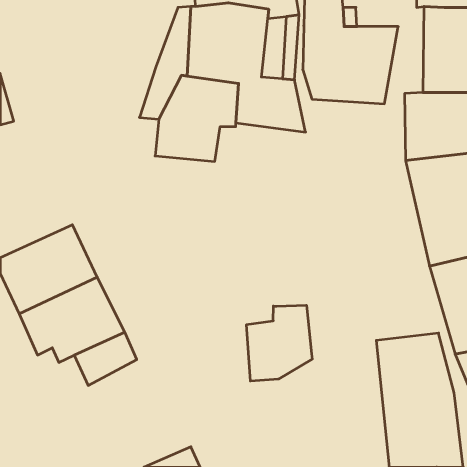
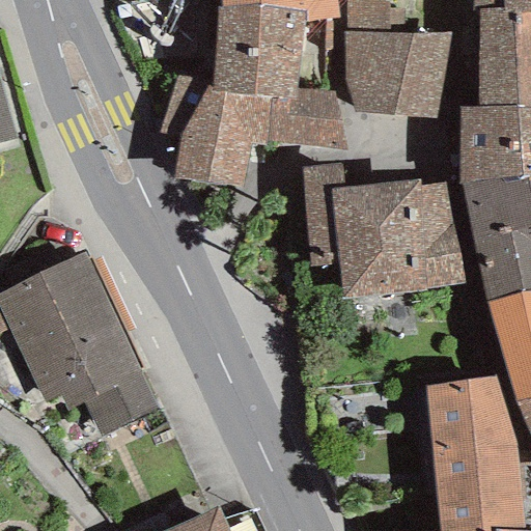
building: none -> [303,164,466,298]
building: [247,305,312,381] -> none

